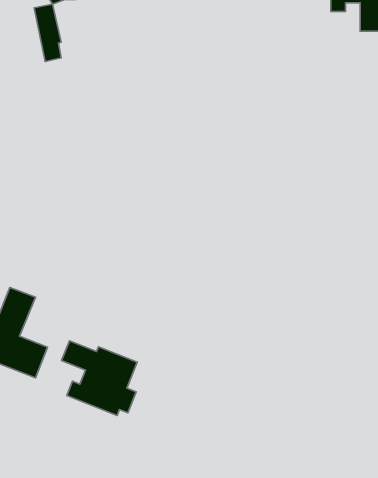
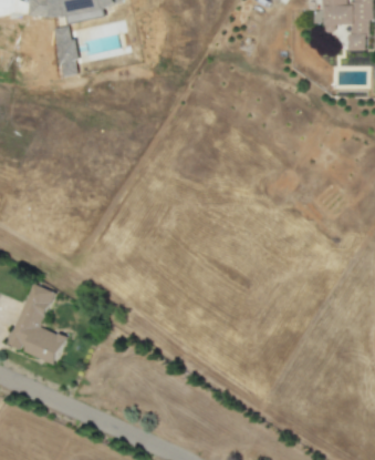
building: [62,341,137,415] -> none

